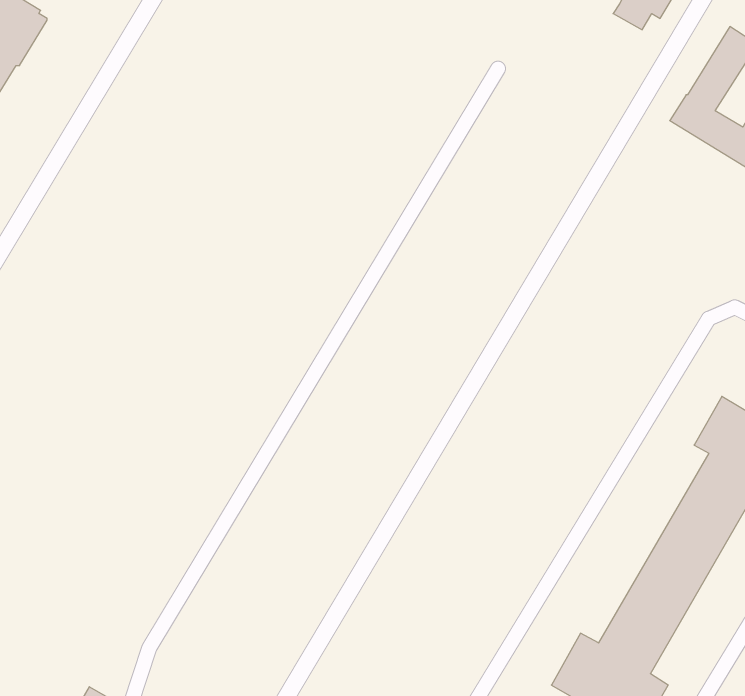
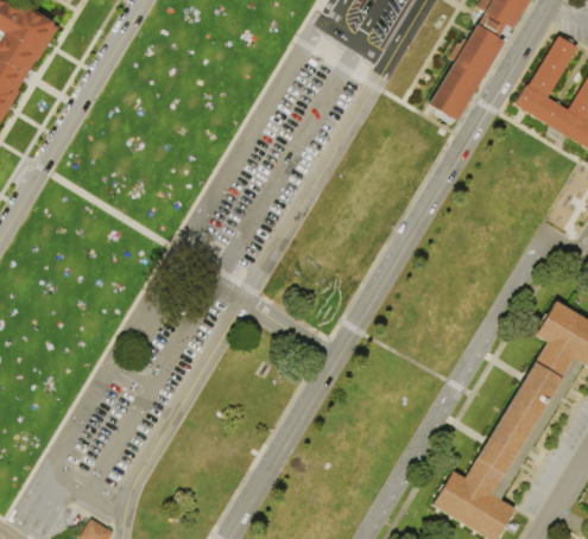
building: none -> [425,24,502,120]

